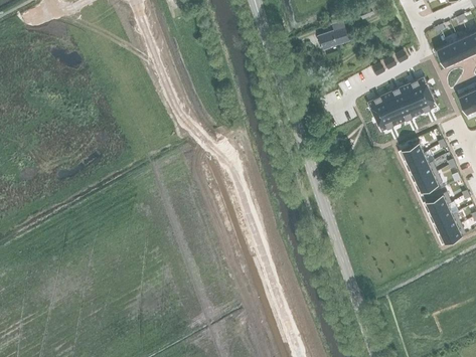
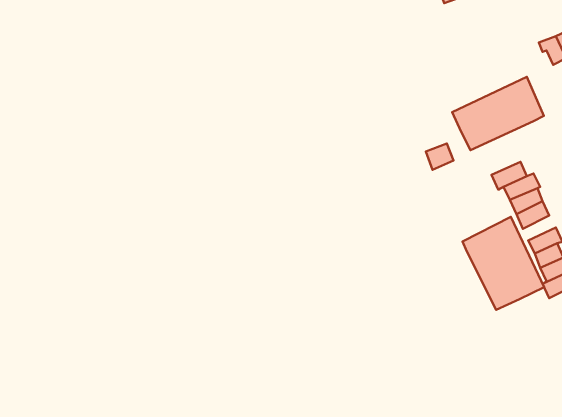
building: [318,20,349,49] -> none
building: none -> [462,217,544,310]

